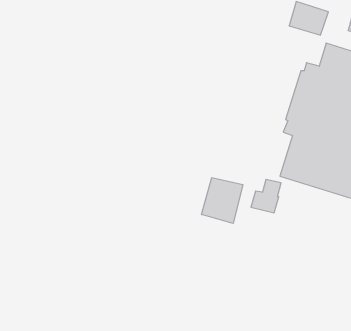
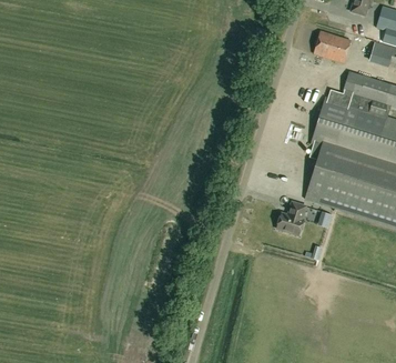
building: [202,178,243,223] -> none

